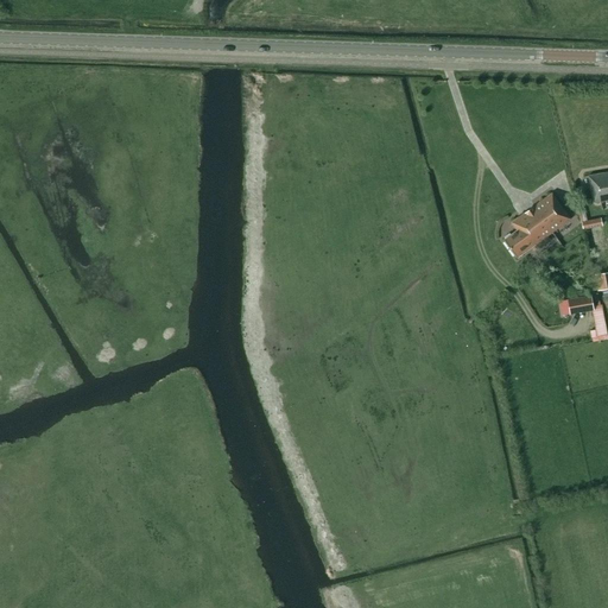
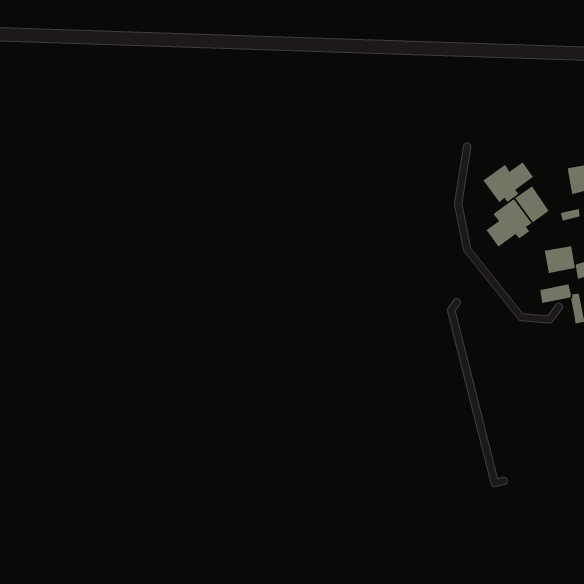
building: none -> [483,161,534,203]
building: none -> [544,246,575,274]

